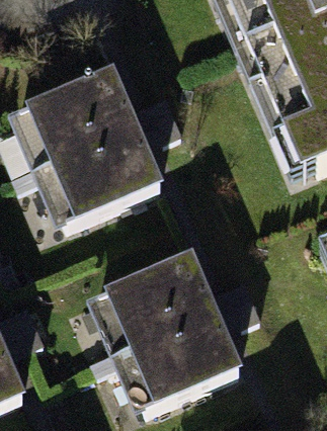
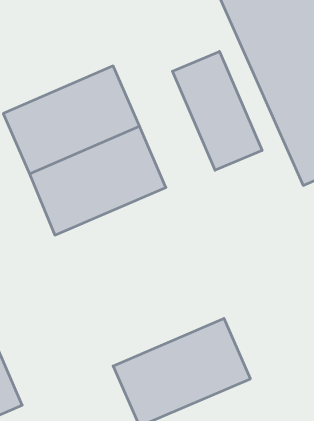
building: none -> [172,51,262,170]
building: [90,249,222,352] -> none

